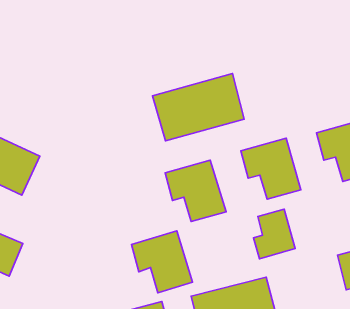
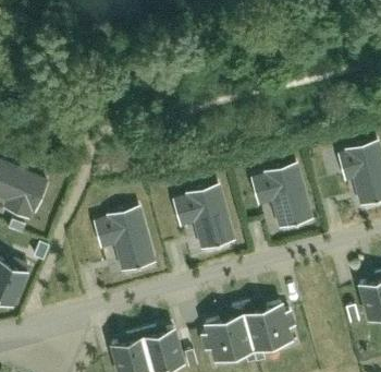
building: [153,73,244,141] -> none
building: [253,209,295,259] -> none
building: [131,231,193,293] -> [95,205,158,269]

